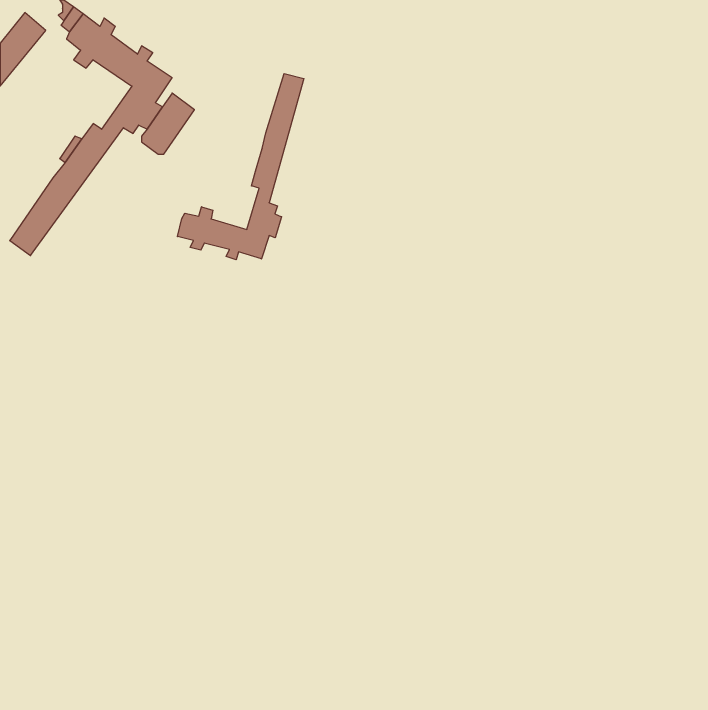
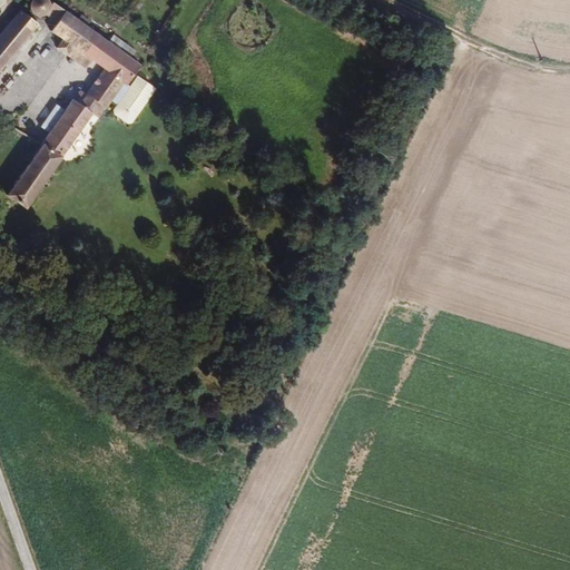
building: [177,74,304,260] -> none

